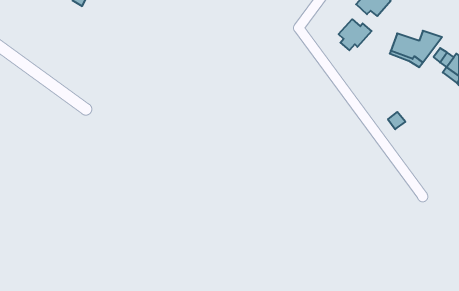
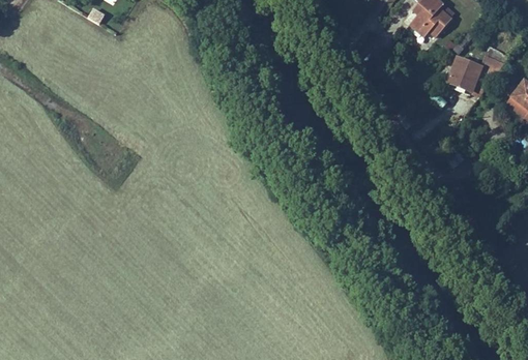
building: [339,19,372,50] -> none

